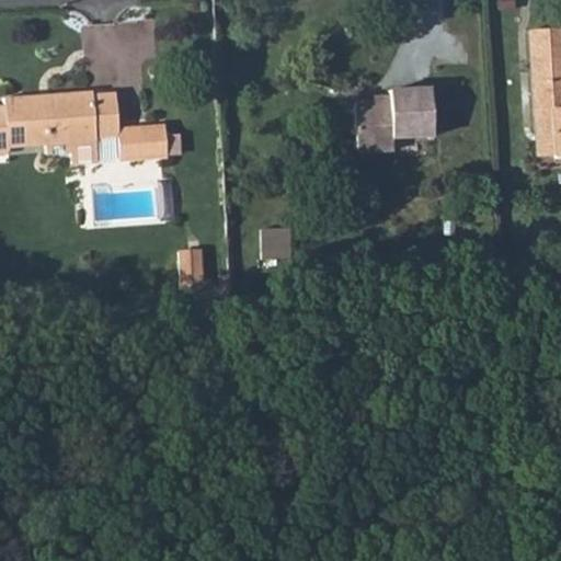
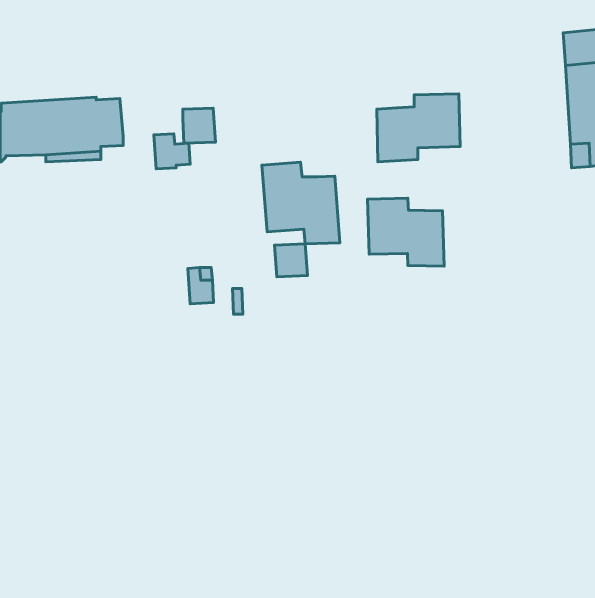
building: [119,126,150,159] -> [183,108,216,143]
building: none -> [262,162,340,244]
building: none -> [367,198,444,266]

